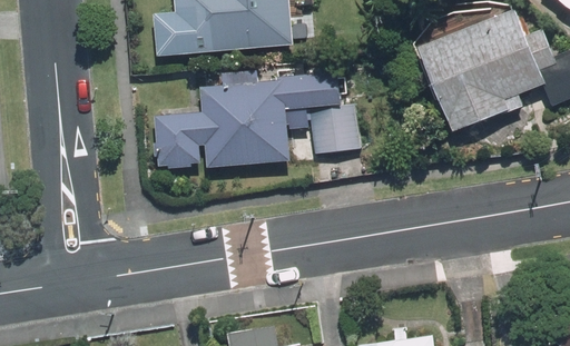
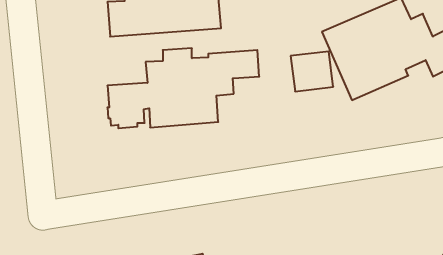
building: [309,103,362,152] -> [291,51,333,91]

